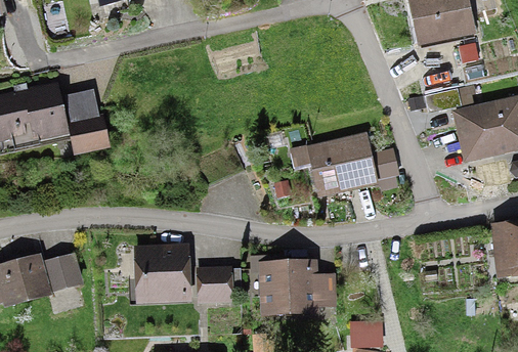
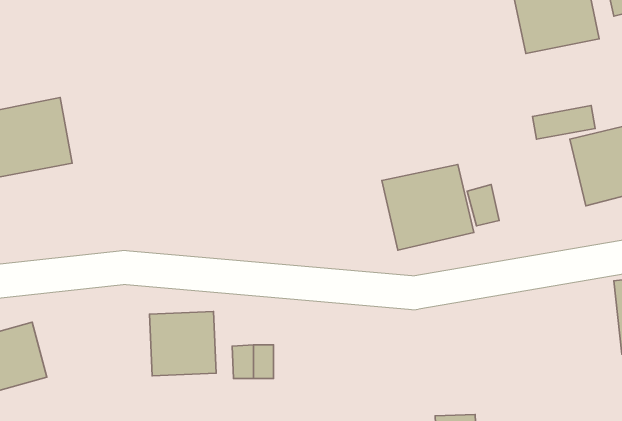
building: [67,87,112,153] -> none
building: [46,254,84,293] -> none
building: [258,260,337,322] -> none

